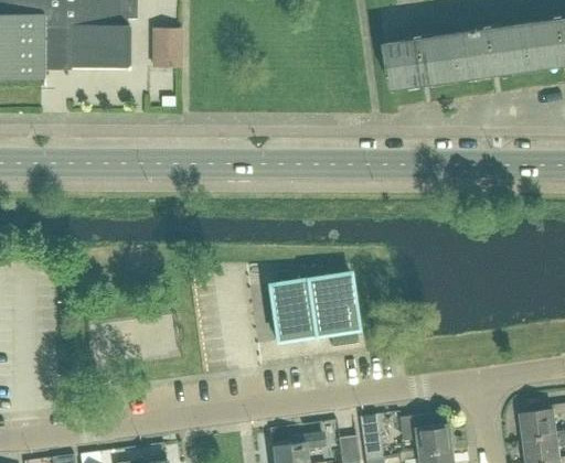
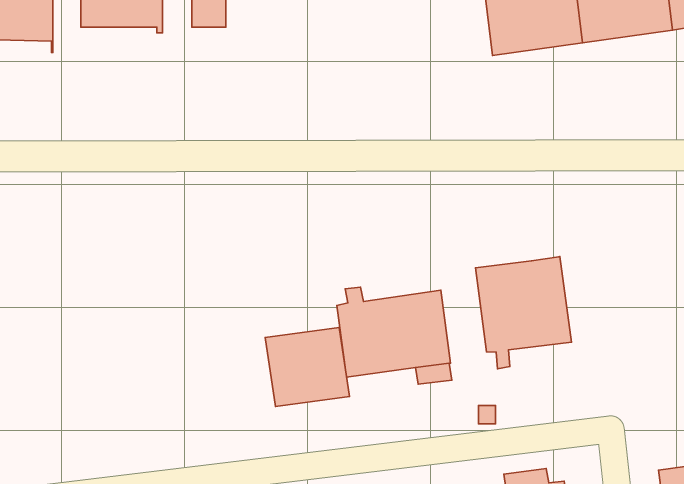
building: none -> [475,256,571,369]
building: none -> [265,328,349,406]

